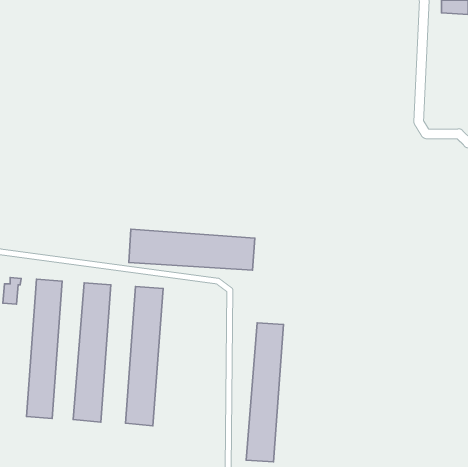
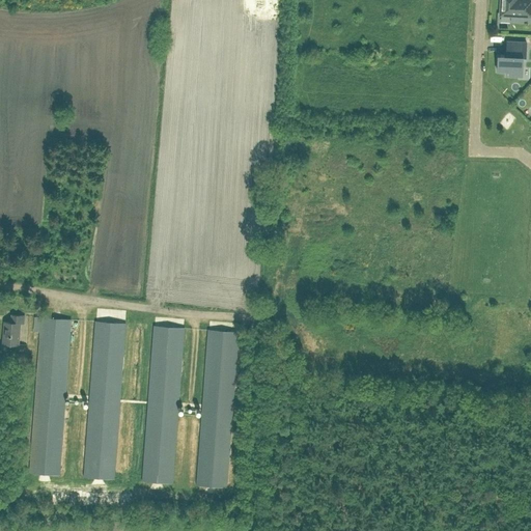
building: none -> [497,41,526,77]
building: [129,229,255,270] -> none
building: [246,323,284,462] -> [196,330,239,487]

